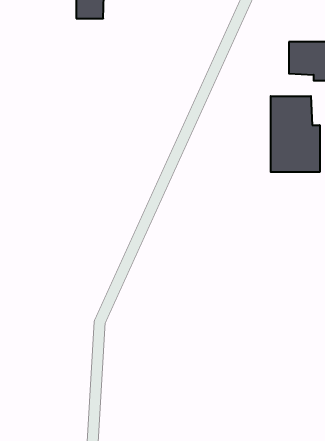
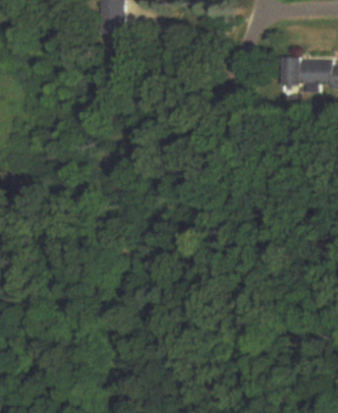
building: [271,96,320,172] -> none

